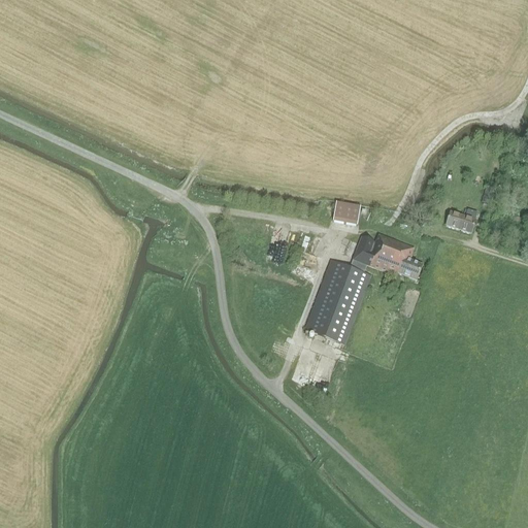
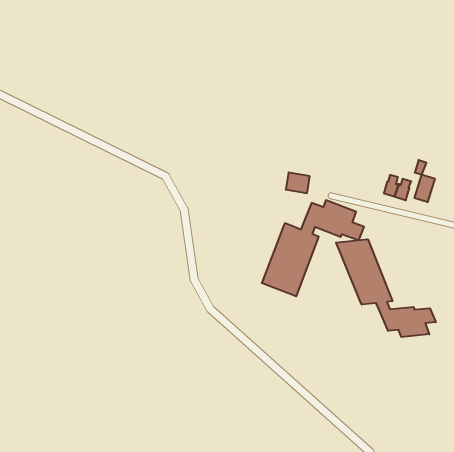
building: none -> [415,174,435,202]
building: none -> [336,239,436,337]

